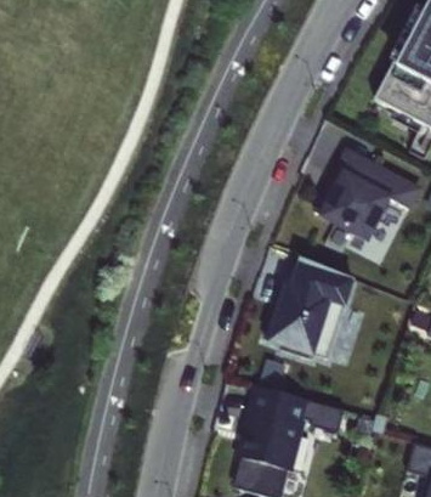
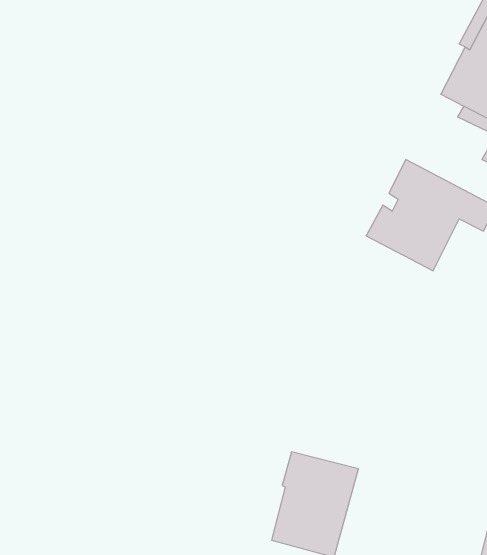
building: [266,259,353,358] -> none

